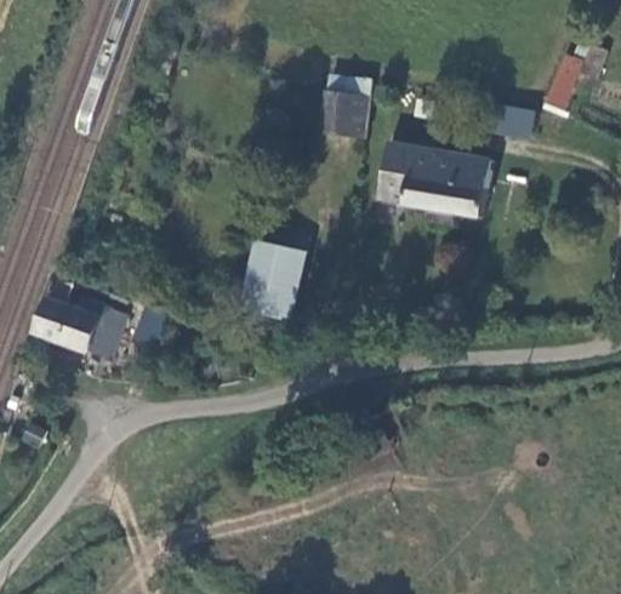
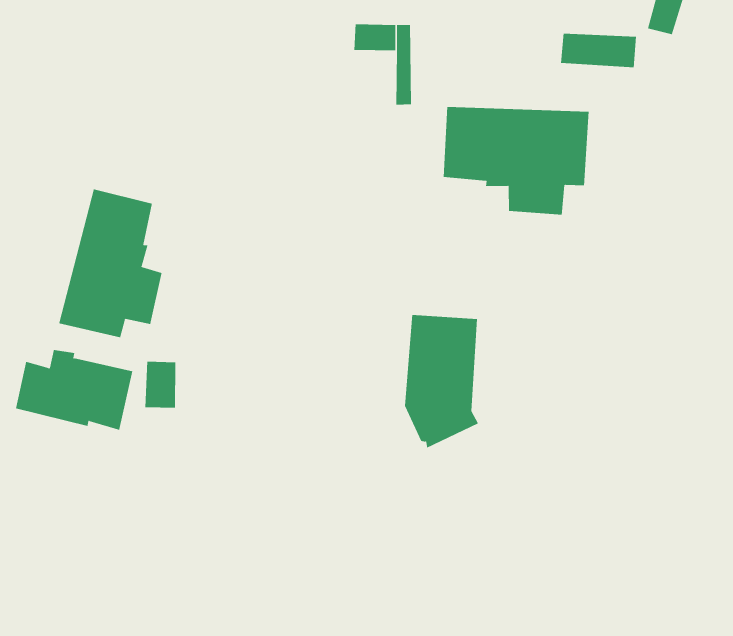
building: none -> [58,189,162,338]
building: [244,247,307,348] -> [404,315,479,449]

